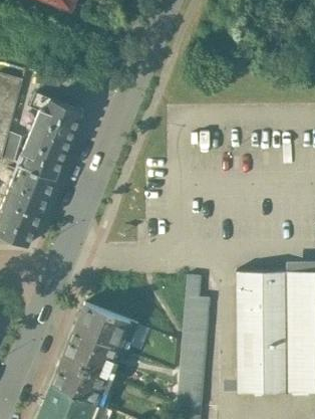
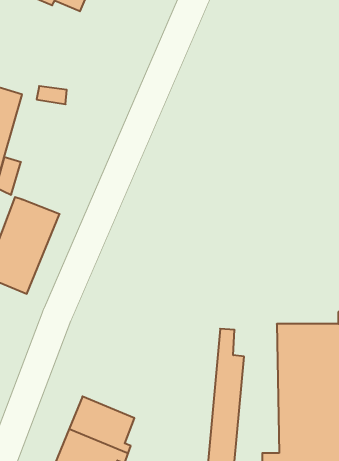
building: [22,94,82,181] -> none
building: [74,304,139,355] -> none

